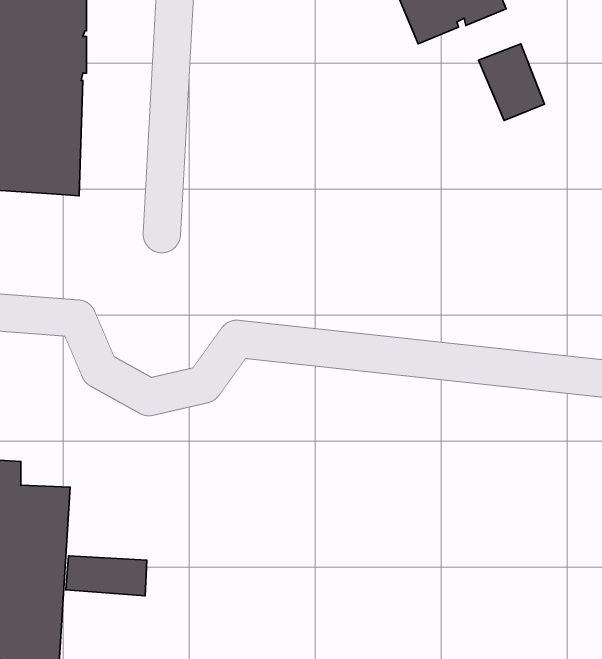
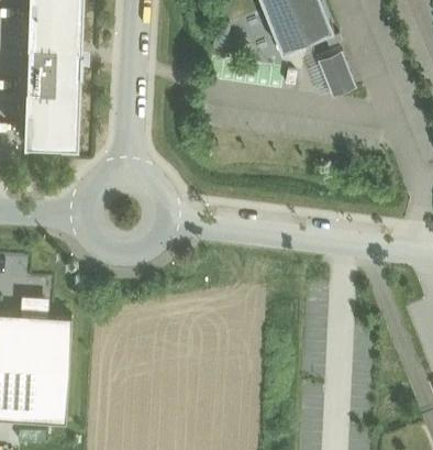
building: [66,556,147,596] -> none

